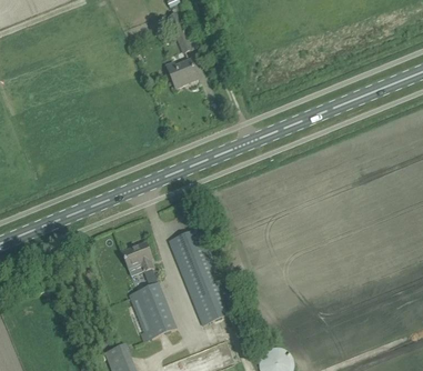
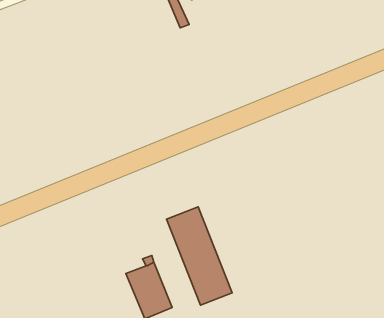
building: [165,60,197,87] -> none
building: [121,242,152,270] -> none

